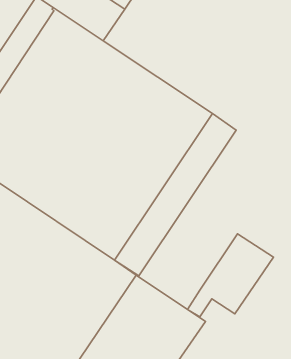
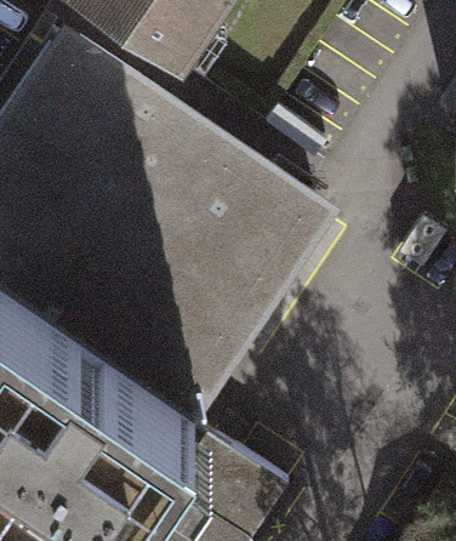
building: [187,234,273,317] -> none

